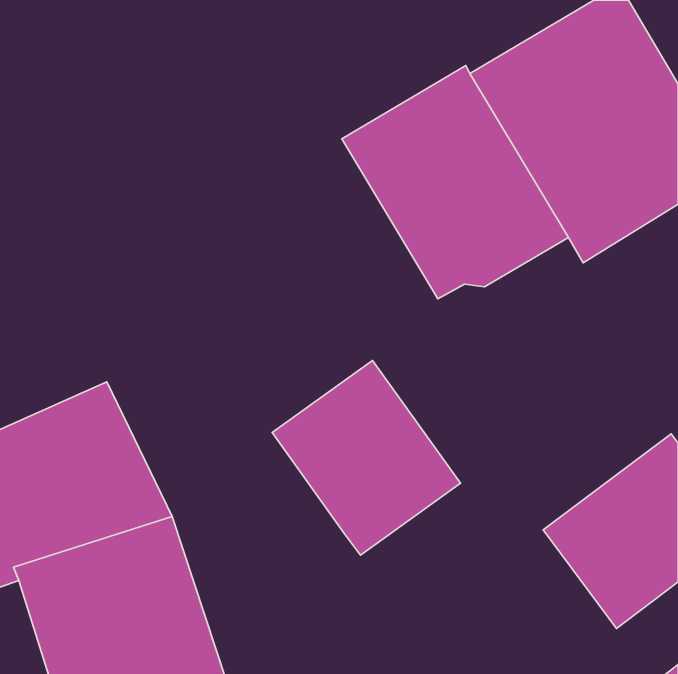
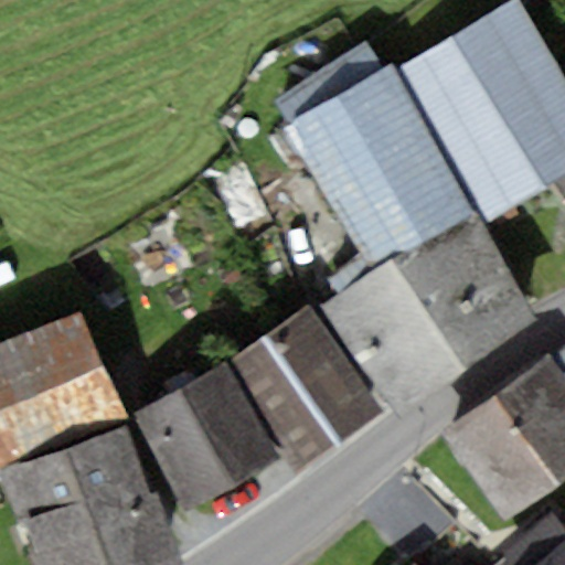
building: none -> [326,211,537,409]
building: none -> [132,364,285,507]

